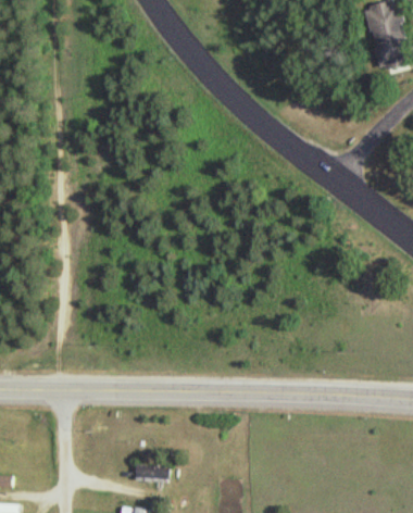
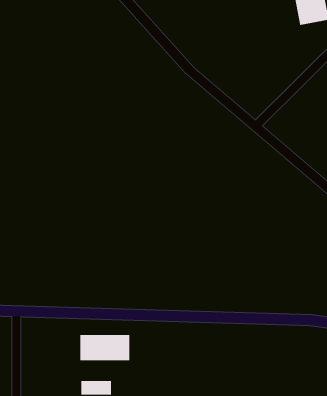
building: none -> [80,334,130,361]

